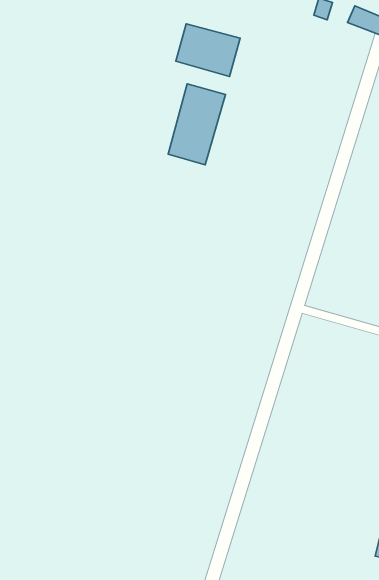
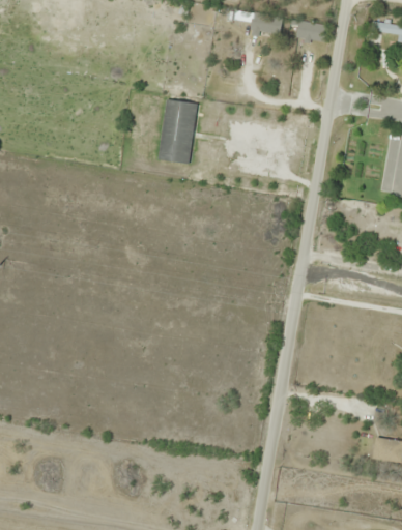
building: [176,24,240,77] -> none

